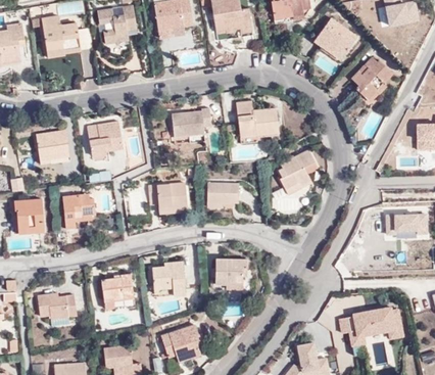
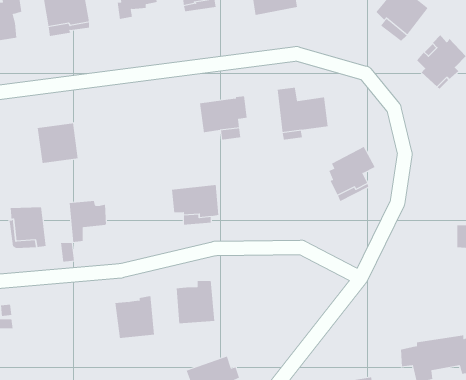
building: [88,121,123,155] -> none
building: [207,182,239,203] -> none
building: [215,259,248,285] -> none
building: [38,292,78,326] -> none

